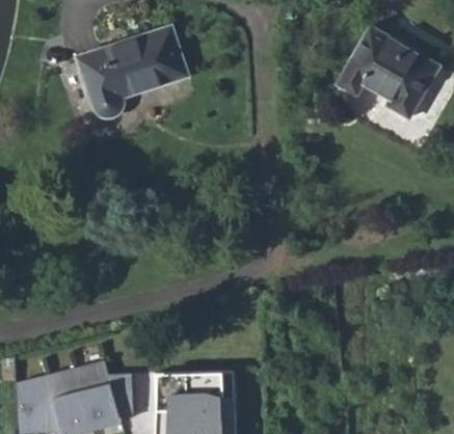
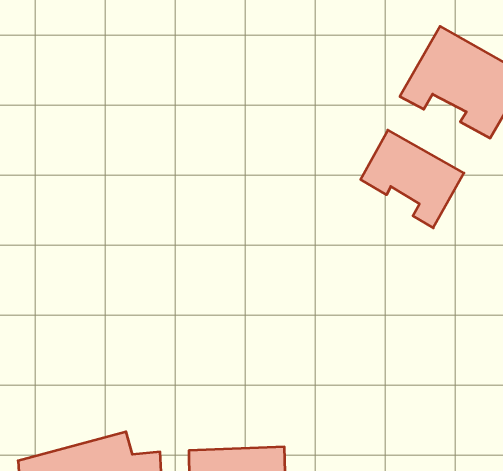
building: [75,27,185,117] -> none
building: none -> [361,130,464,228]

